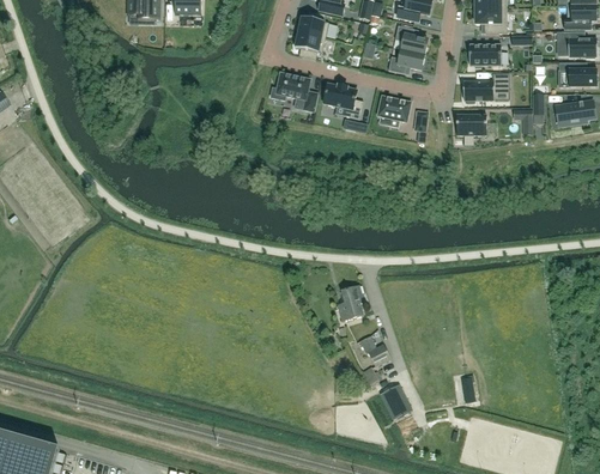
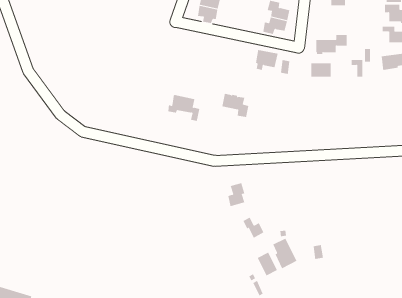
building: [468,44,501,65] -> none
building: [271,72,317,111] -> [167,94,200,121]
building: [323,84,363,118] -> [222,93,249,117]
building: none -> [273,238,297,269]

